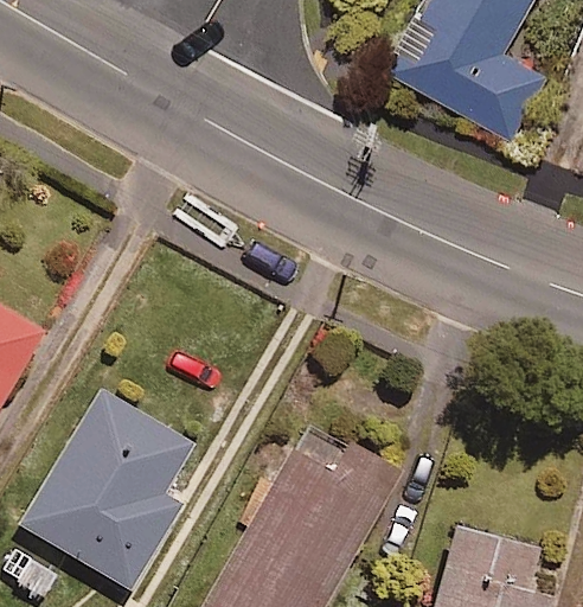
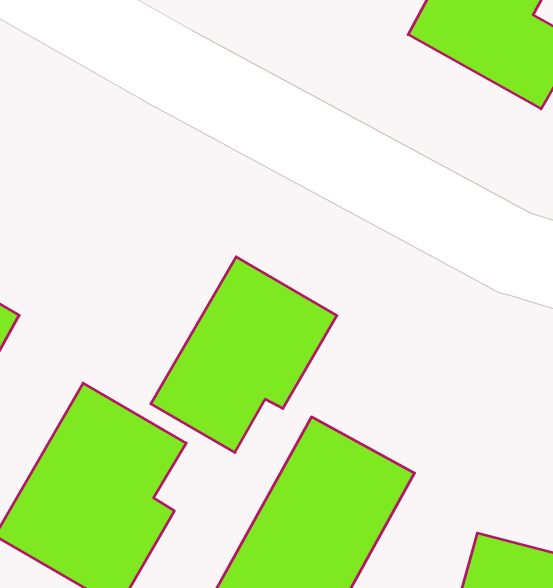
building: none -> [151,257,337,453]

